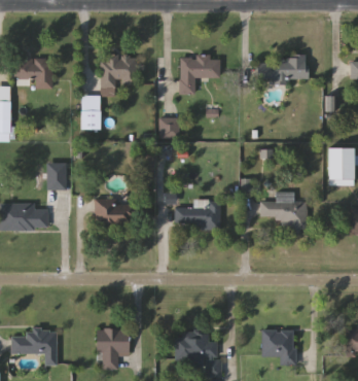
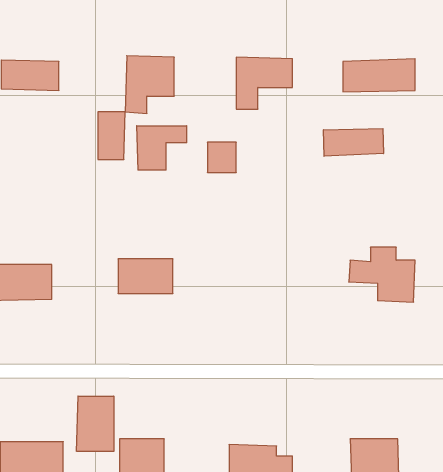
building: none -> [137,126,187,170]
building: none -> [324,129,383,156]
building: [47,162,67,189] -> none
building: [175,199,220,226] -> none
building: none -> [77,396,114,451]

